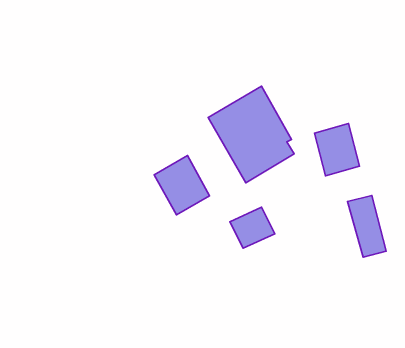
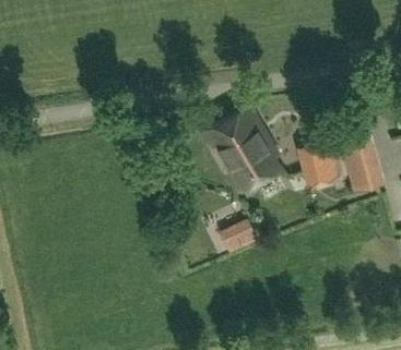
building: [154,156,210,215] -> none
building: [348,195,386,257] -> [340,136,375,192]

